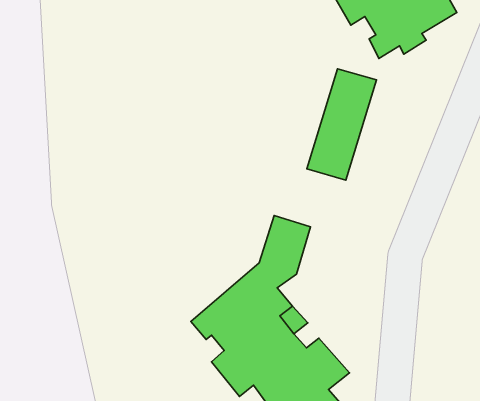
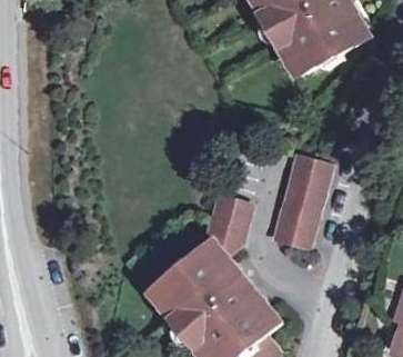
building: [307,69,376,180] -> [274,160,330,249]

